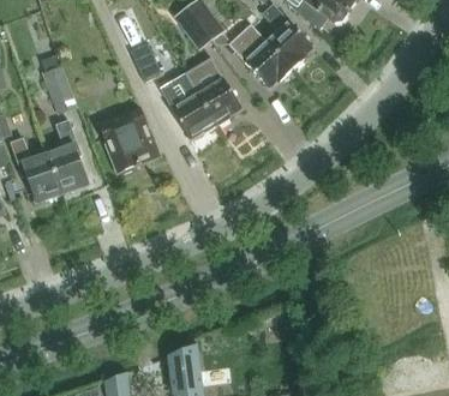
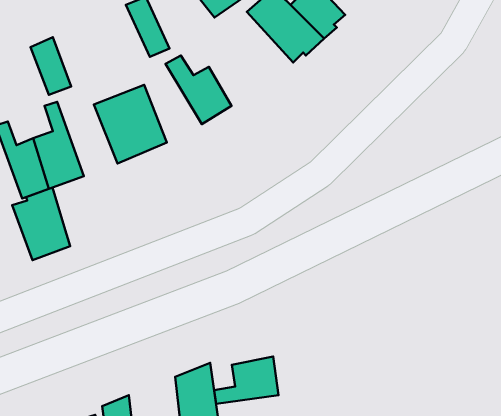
building: [185,58,241,122] -> none
building: none -> [12,188,70,260]
building: none -> [214,357,279,404]

